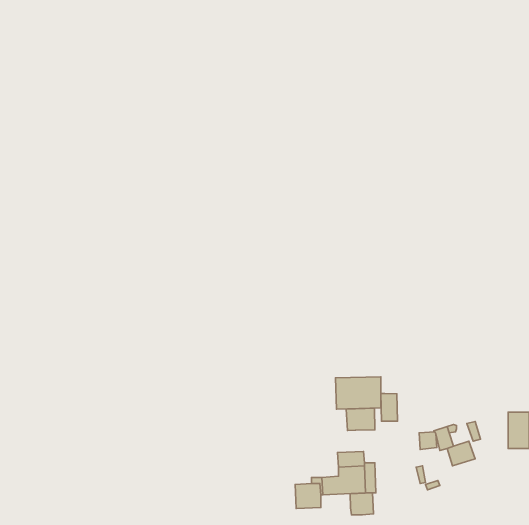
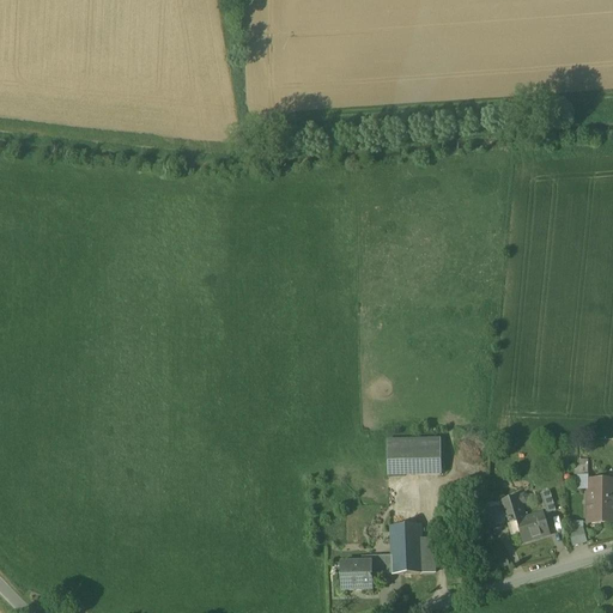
building: [381,393,397,421] -> none
building: [346,408,375,430] -> none
building: [350,493,374,515] -> none

